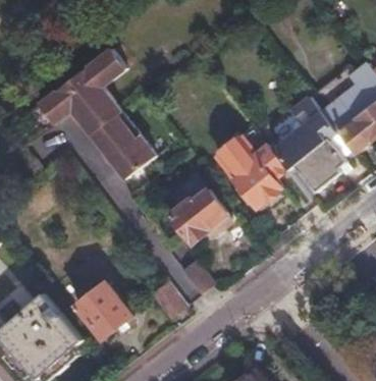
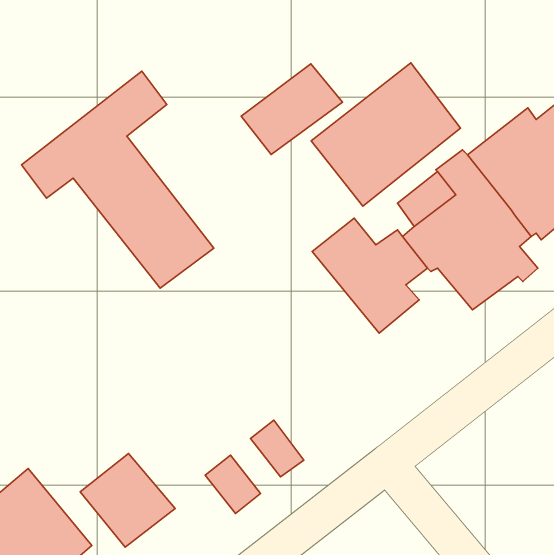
building: none -> [311,63,461,206]
building: none -> [241,64,343,154]
building: [166,192,229,244] -> none

